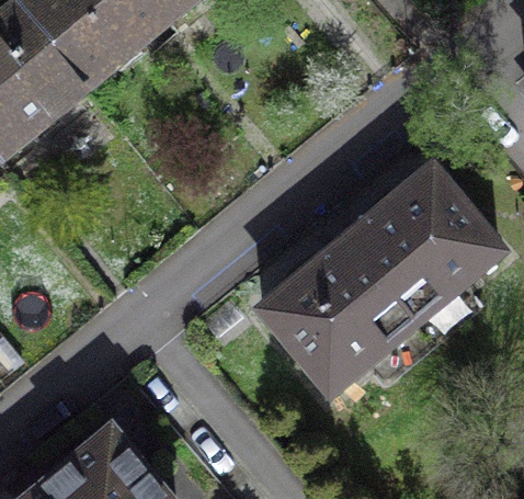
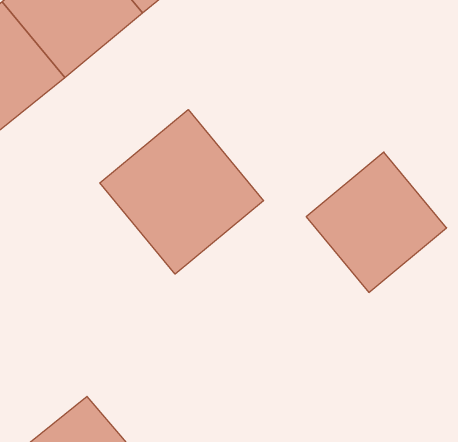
building: none -> [100,110,264,274]
building: [261,239,414,392] -> none

